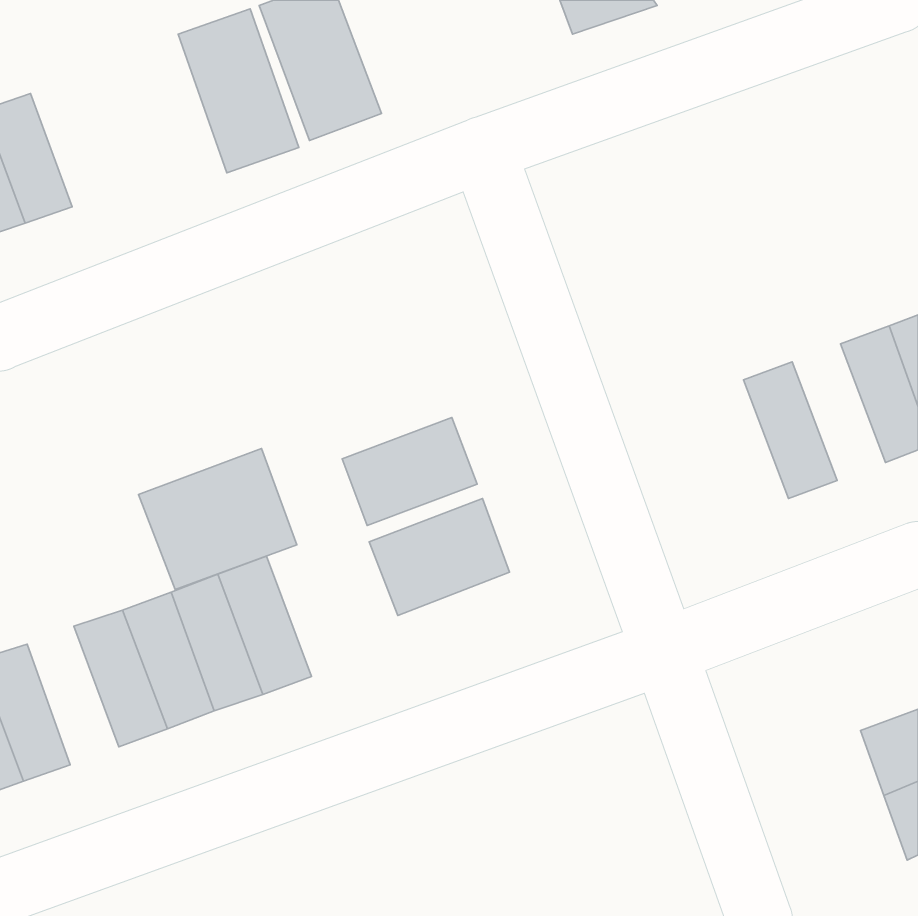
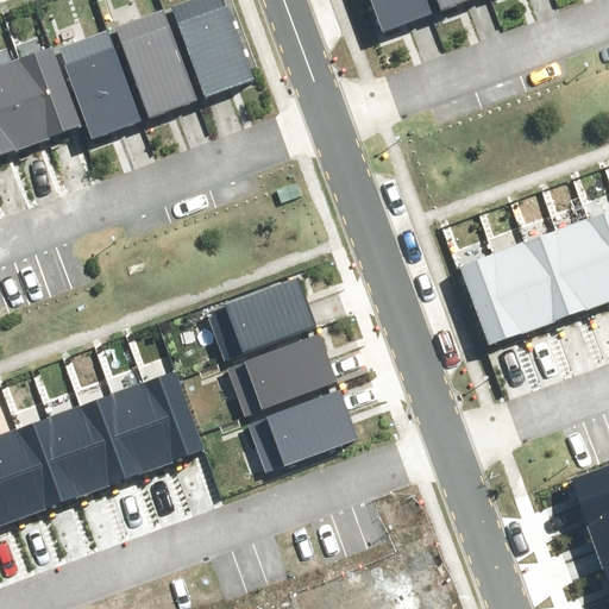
building: none -> [59,29,140,136]
building: none -> [20,54,79,139]
building: none -> [523,230,585,320]
building: none -> [459,253,521,344]
building: [138,448,297,589] -> none
building: none -> [265,388,357,464]
building: none -> [18,416,79,508]

